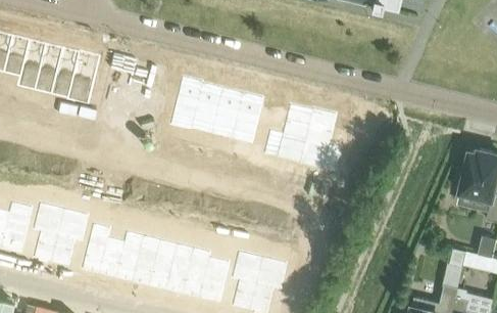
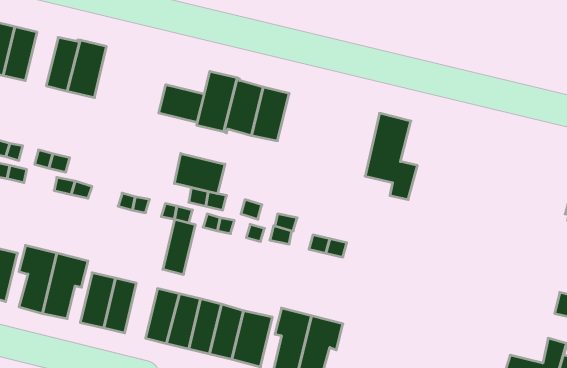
building: [36,45,61,87] -> none
building: none -> [159,85,204,122]
building: [233,93,263,136] -> none
building: [261,104,312,161] -> none
building: none -> [174,153,225,194]
building: [113,241,139,284] -> [163,220,195,274]

